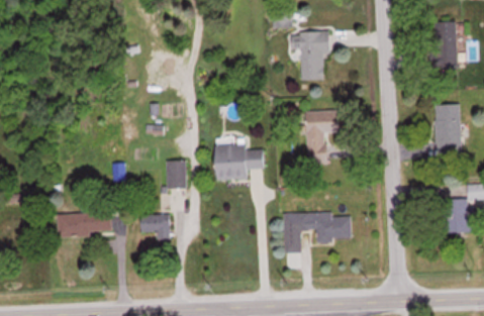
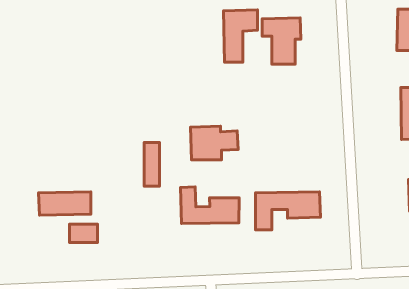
building: [305,109,341,164] -> [224,10,257,62]
building: none -> [180,187,239,224]
building: [140,214,170,233] -> [70,224,98,242]

